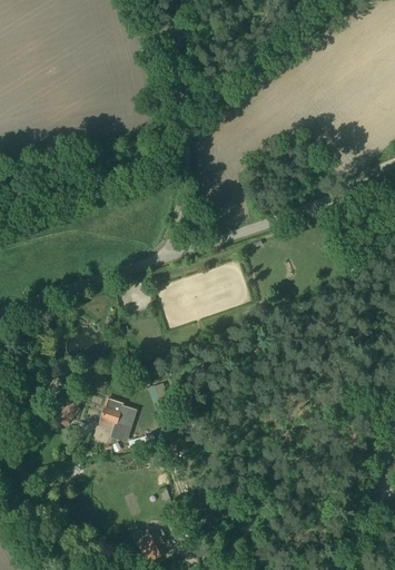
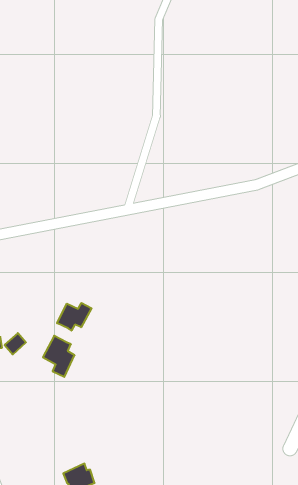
building: none -> [57,303,92,331]

